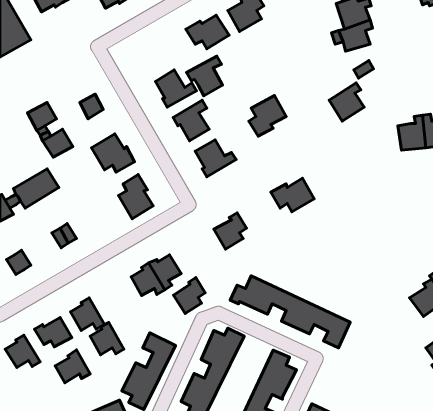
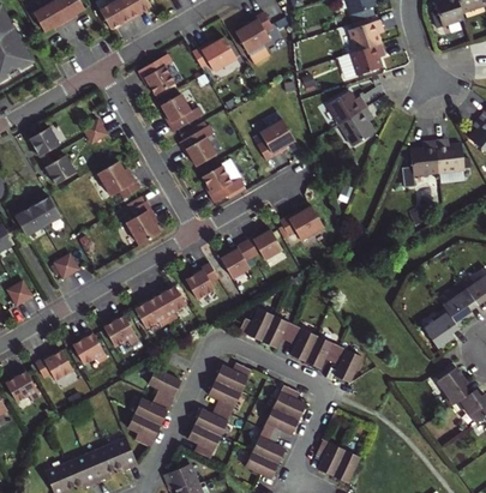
building: [186,56,223,96] -> [137,55,174,96]
building: none -> [328,92,367,126]
building: none -> [245,230,283,260]
building: [174,278,205,314] -> [186,263,218,300]
building: [90,322,124,355] -> [104,312,139,345]
building: [55,350,90,383] -> none

